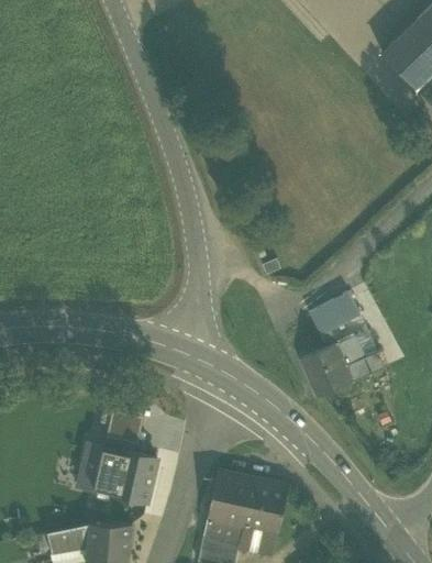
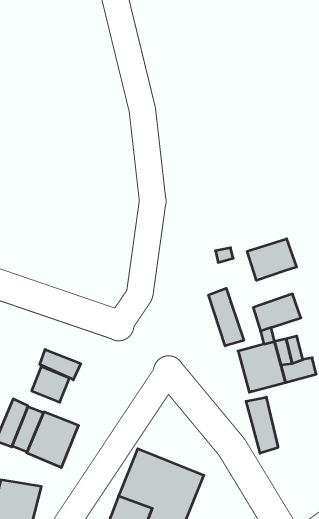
building: none -> [247,239,297,280]
building: none -> [209,288,244,346]
building: none -> [40,349,81,380]
building: none -> [246,397,278,453]

